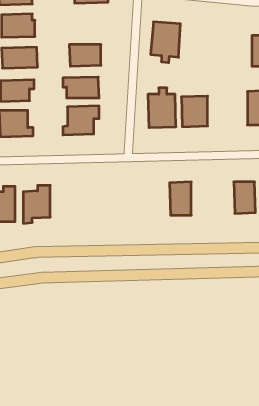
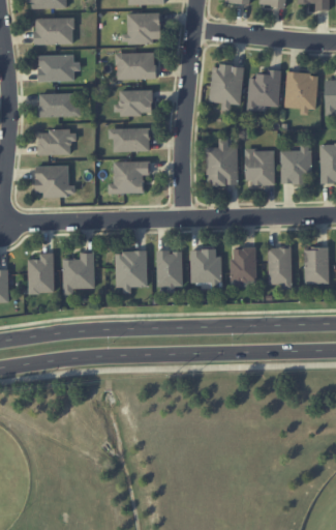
building: none -> [116,52,155,80]
building: none -> [247,69,280,111]
building: none -> [284,72,317,112]
building: none -> [280,144,311,184]
building: none -> [268,246,292,289]
building: none -> [189,248,222,288]
building: none -> [156,249,183,292]
building: none -> [115,251,147,290]

